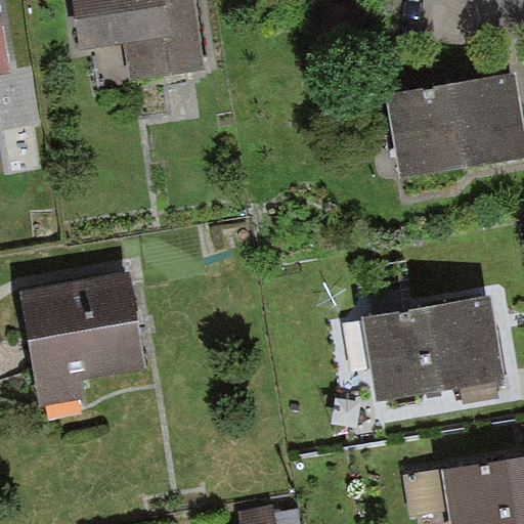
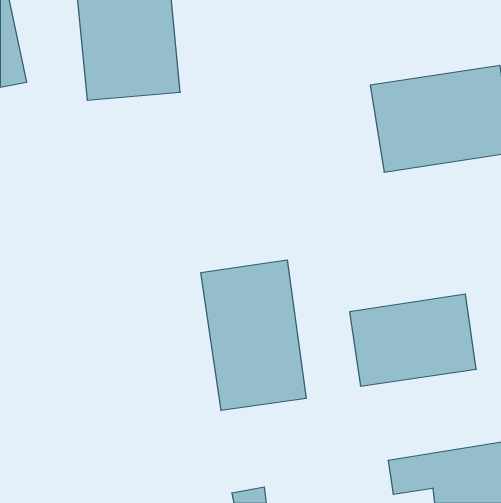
building: none -> [201,260,306,411]
building: [21,279,135,408] -> none

